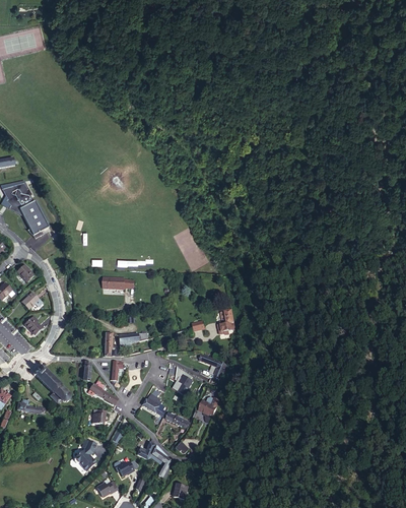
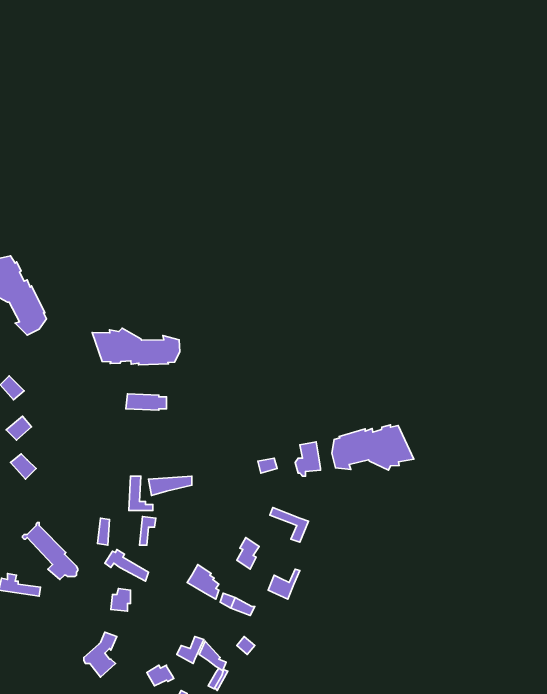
building: none -> [92,328,180,365]
building: none -> [332,425,414,470]

